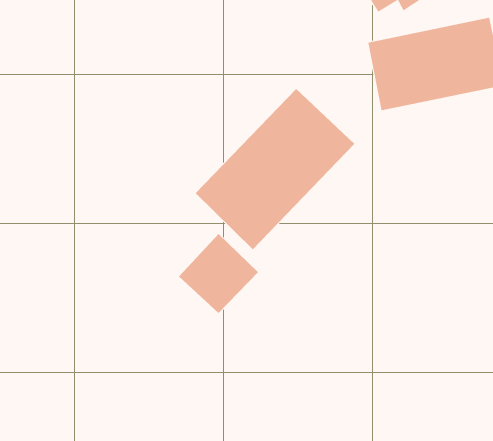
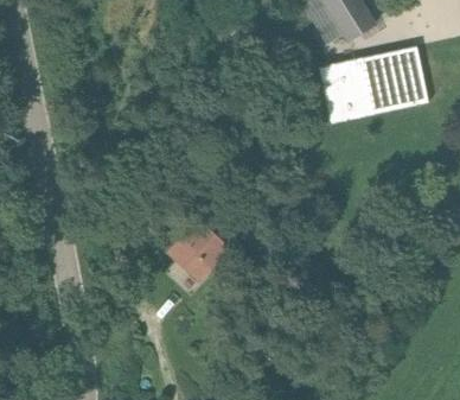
building: [195,88,355,250] -> none

